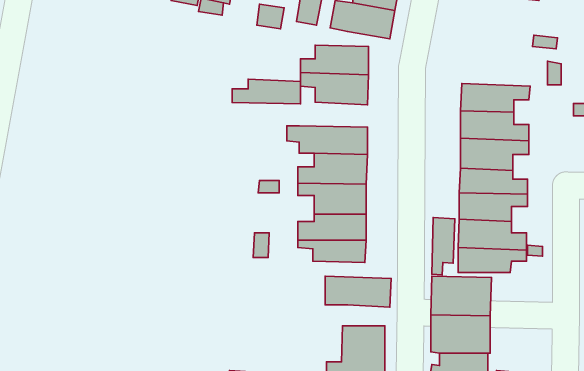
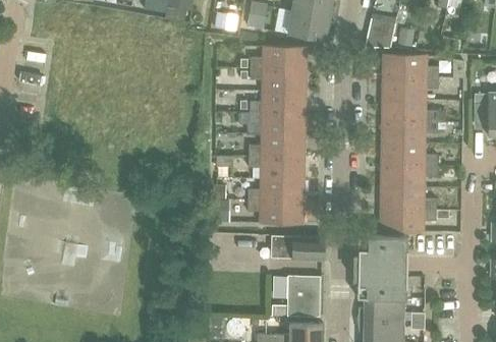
building: none -> [365,17,396,47]
building: none -> [383,54,439,78]
building: [232,79,300,104] -> [250,92,306,112]
building: [432,217,455,275] -> none

